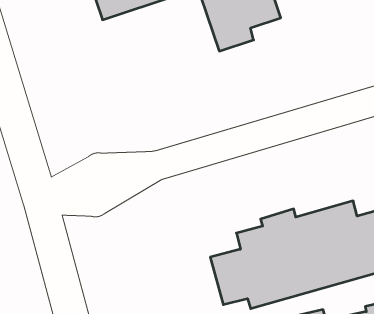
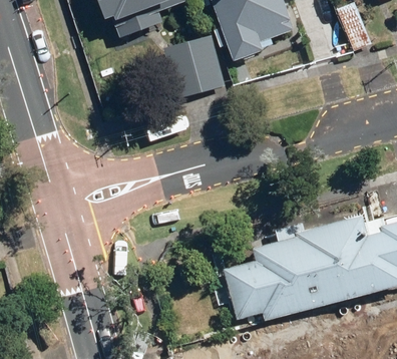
building: none -> [161,35,227,102]

